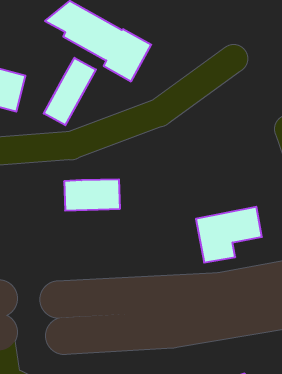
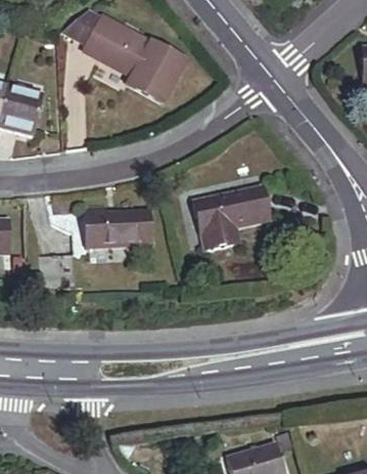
building: [44,58,96,125] -> none
building: [196,207,262,263] -> [196,187,270,250]

